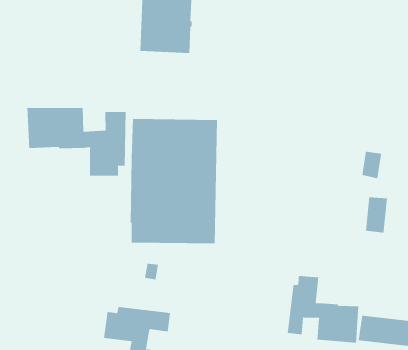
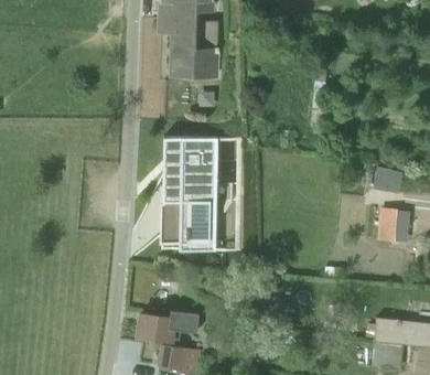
building: [27,107,126,177] -> none
building: [287,275,359,343] -> none

